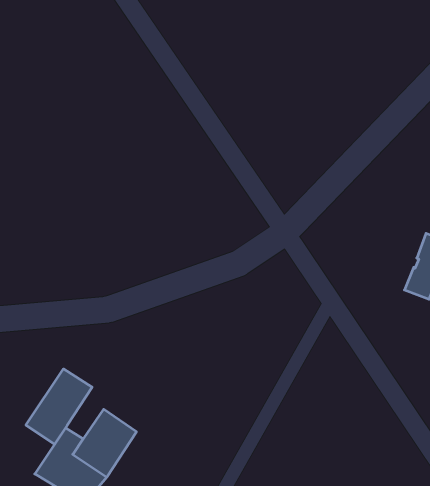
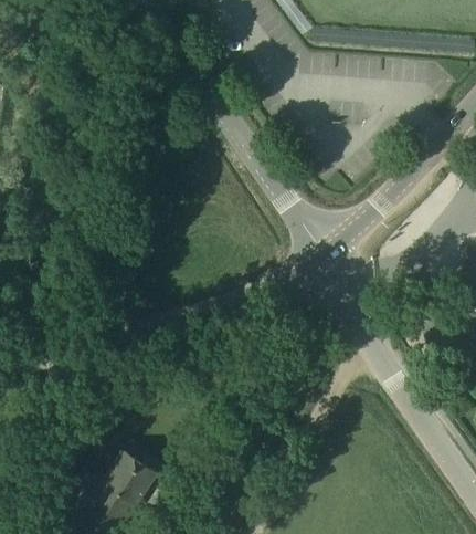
building: [26,369,92,444] -> none

